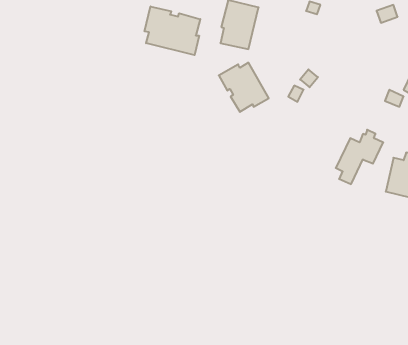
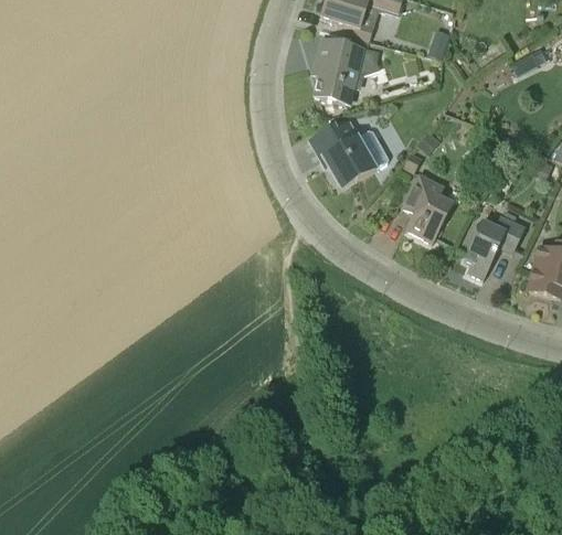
building: [145,6,200,55] -> none
building: none -> [401,172,454,243]

